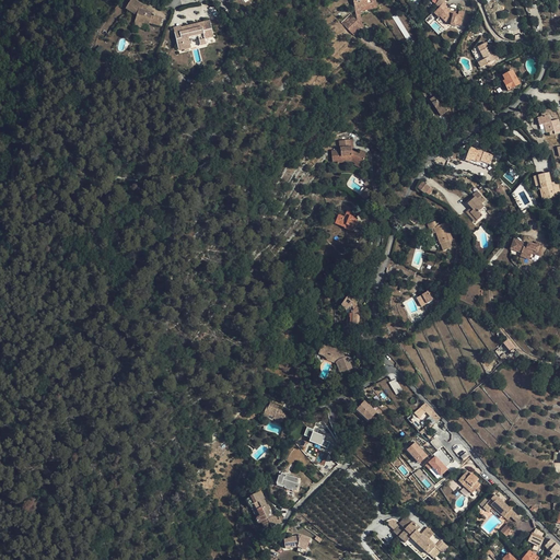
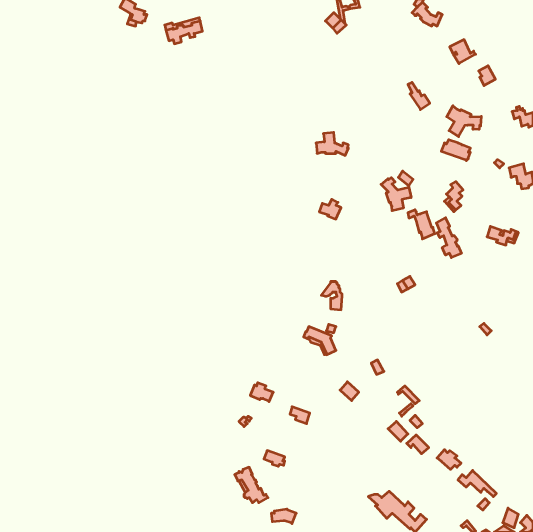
building: none -> [447,106,481,137]
building: none -> [381,178,411,211]
building: none -> [436,218,461,258]

